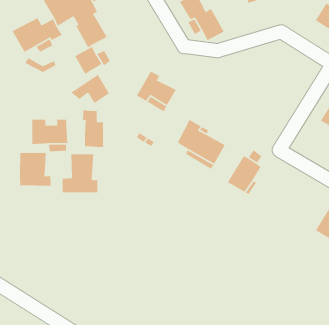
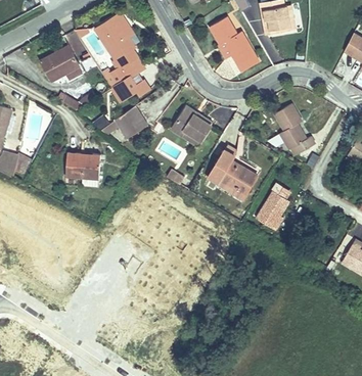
building: none -> [272,104,314,154]
building: [82,110,104,148] -> none
building: [19,152,51,187] -> none
building: [62,154,98,193] -> none

